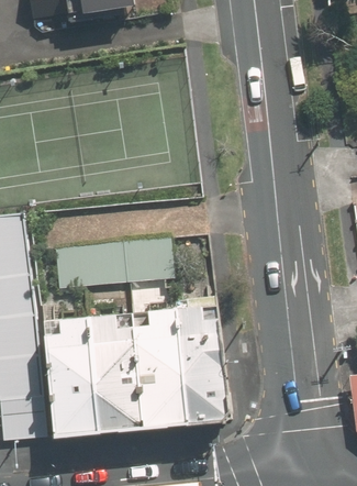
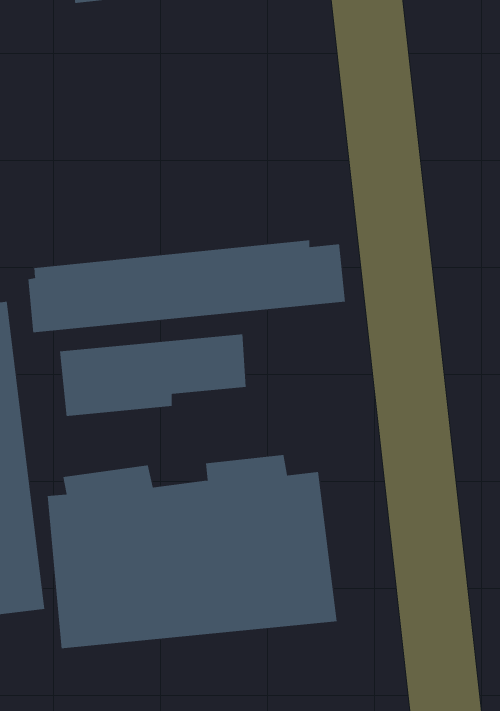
building: none -> [28,240,346,333]

